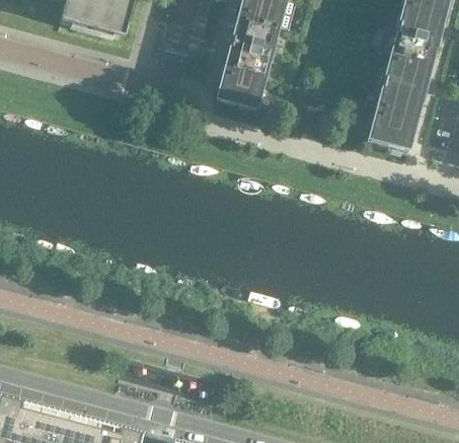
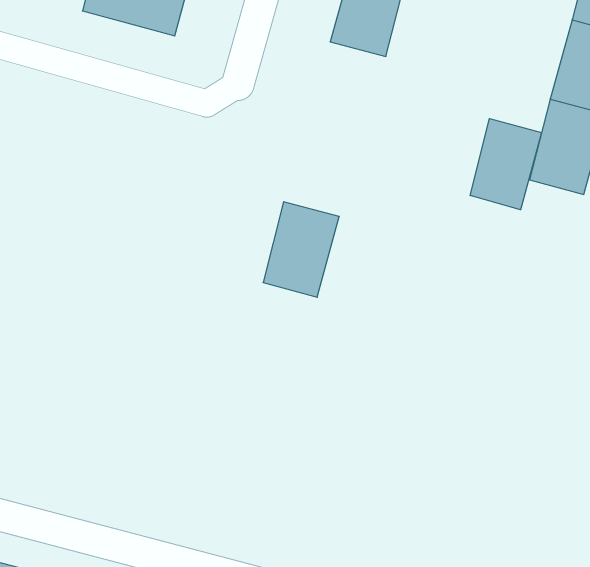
building: [218,43,271,108] -> [263,202,339,297]
building: none -> [470,119,542,210]

